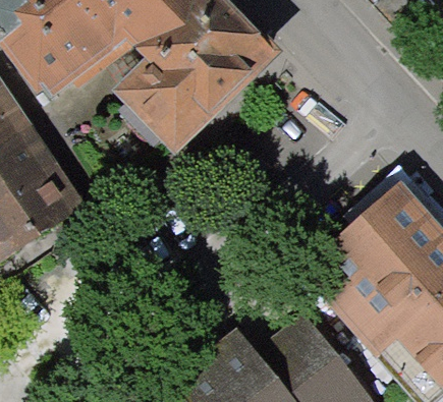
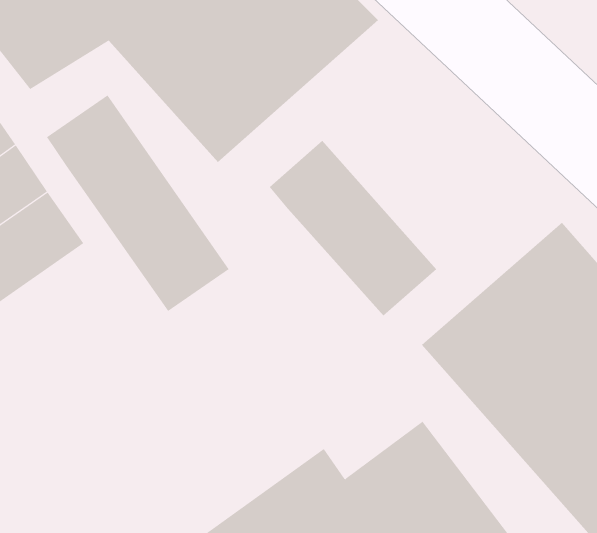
building: none -> [46,95,229,312]
building: none -> [269,140,437,317]

